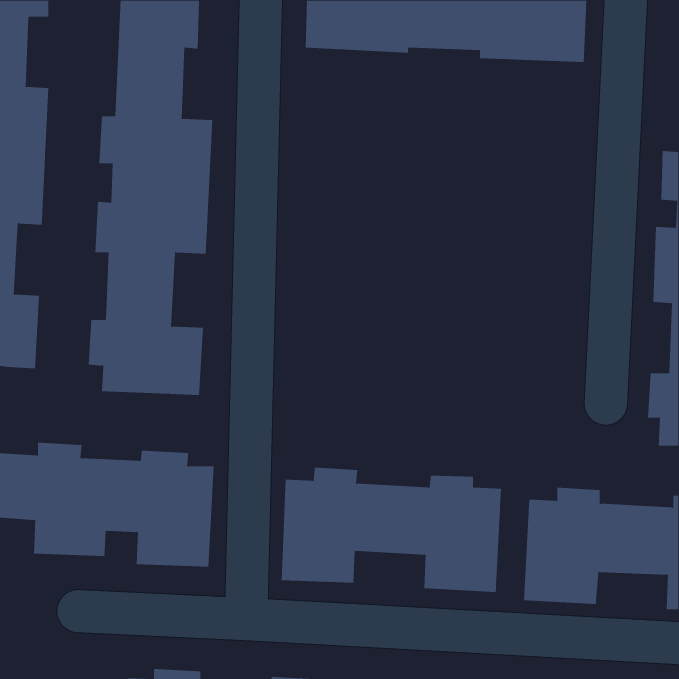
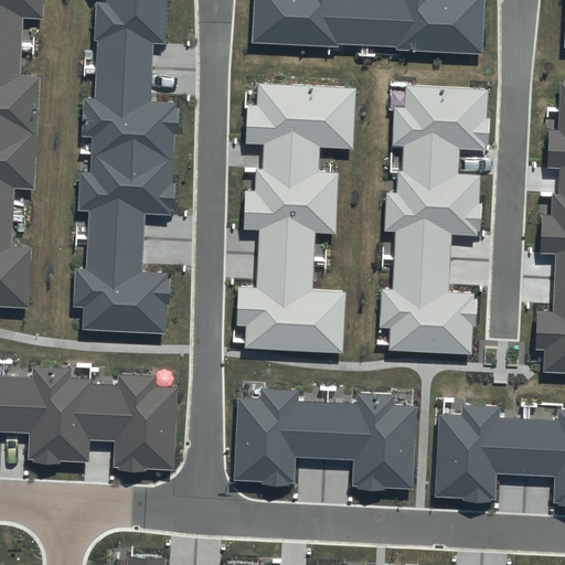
building: none -> [236,84,353,352]
building: none -> [381,84,486,353]

